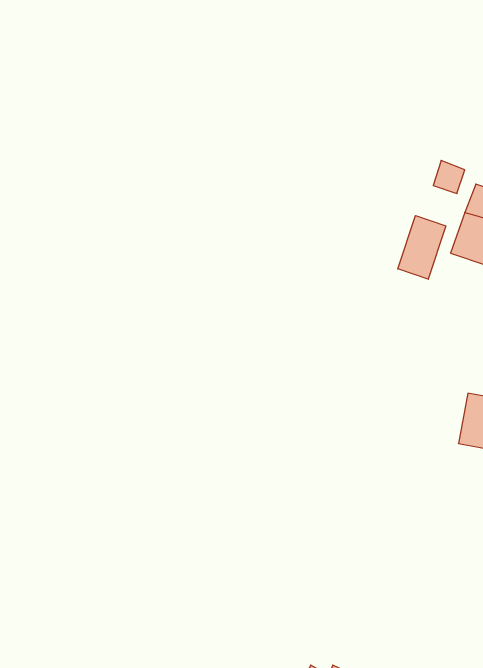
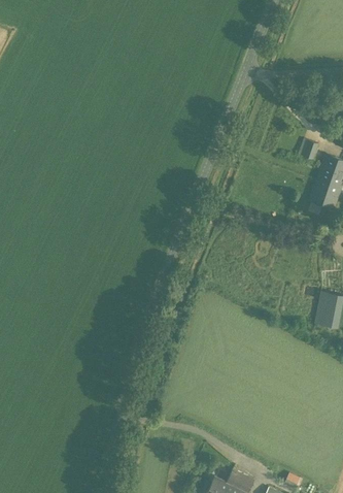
building: [398,216,446,279] -> none

